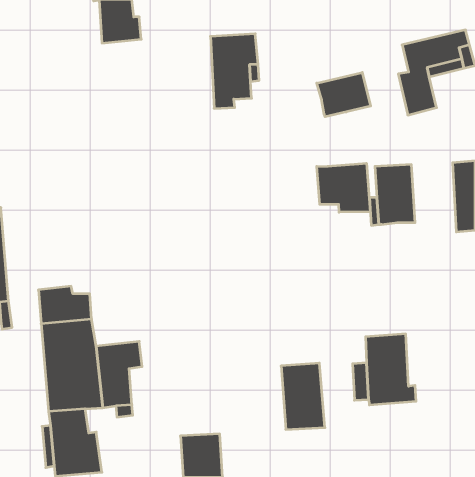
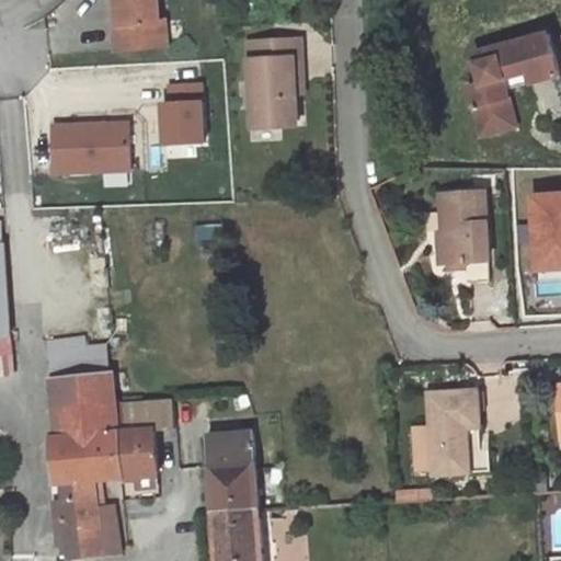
building: none -> [161,84,203,145]
building: [317,72,371,117] -> none
building: none -> [49,123,128,174]
building: [317,163,370,212] -> none
building: [281,363,325,429] -> [206,433,257,511]

